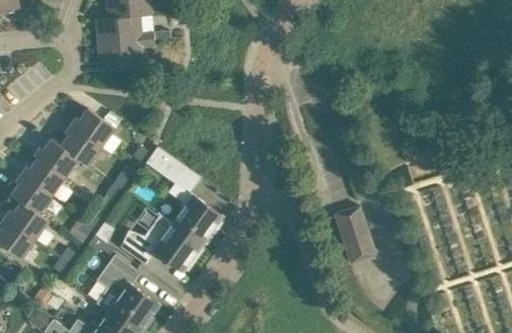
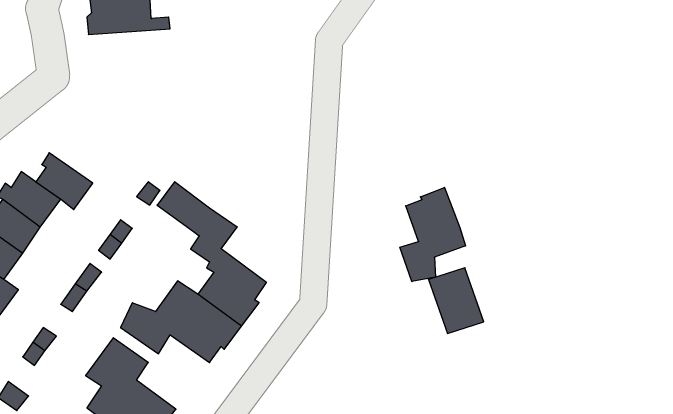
building: [97,39,154,69] -> none
building: [70,108,115,147] -> none
building: none -> [400,187,466,282]

